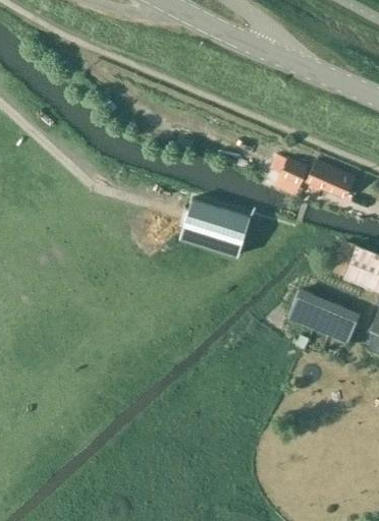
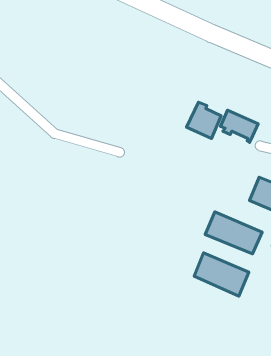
building: [179,199,250,257] -> none
building: none -> [194,253,249,296]

